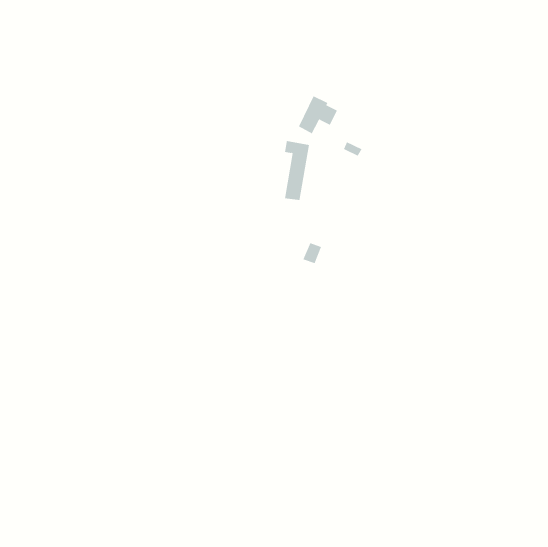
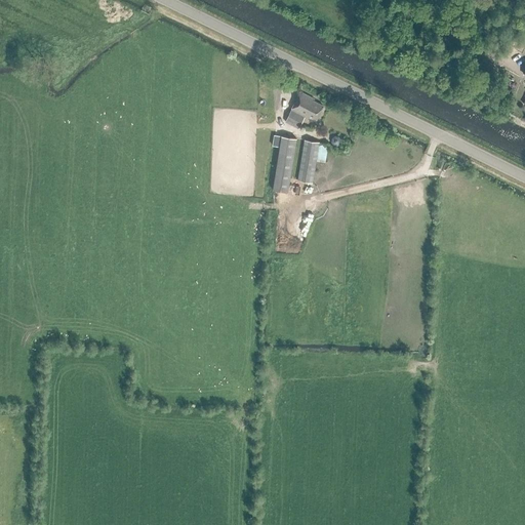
building: none -> [297,139,319,183]

